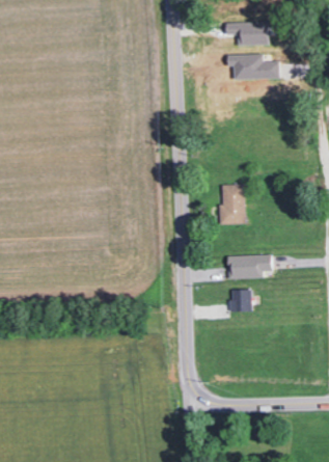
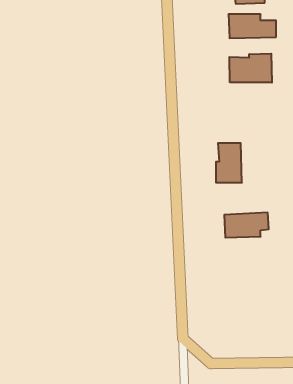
building: none -> [229,54,272,83]
building: [230,289,252,311] -> none

